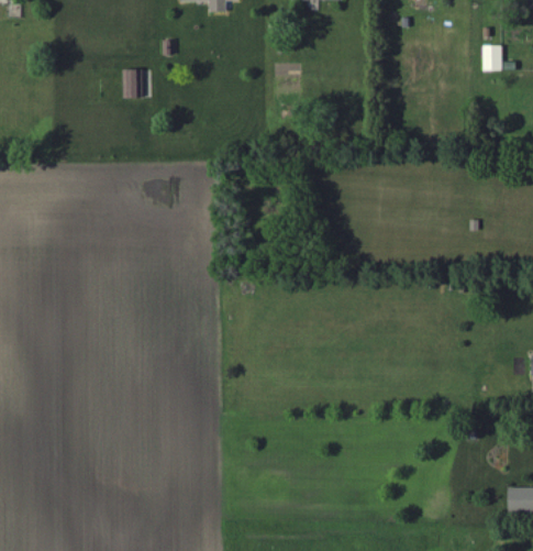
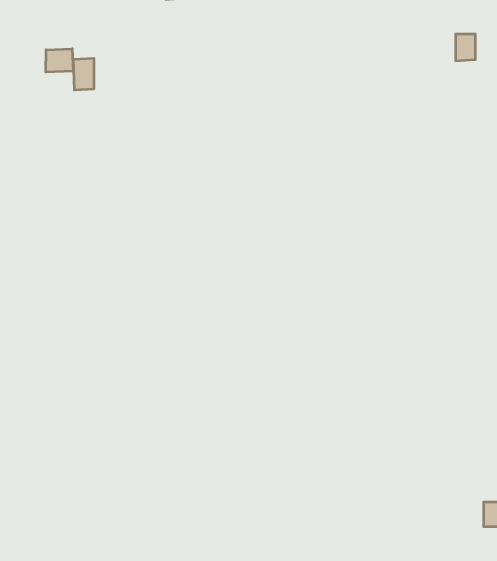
building: none -> [46,49,73,72]

